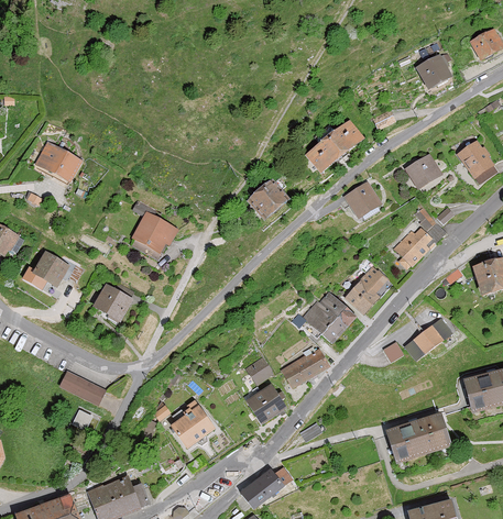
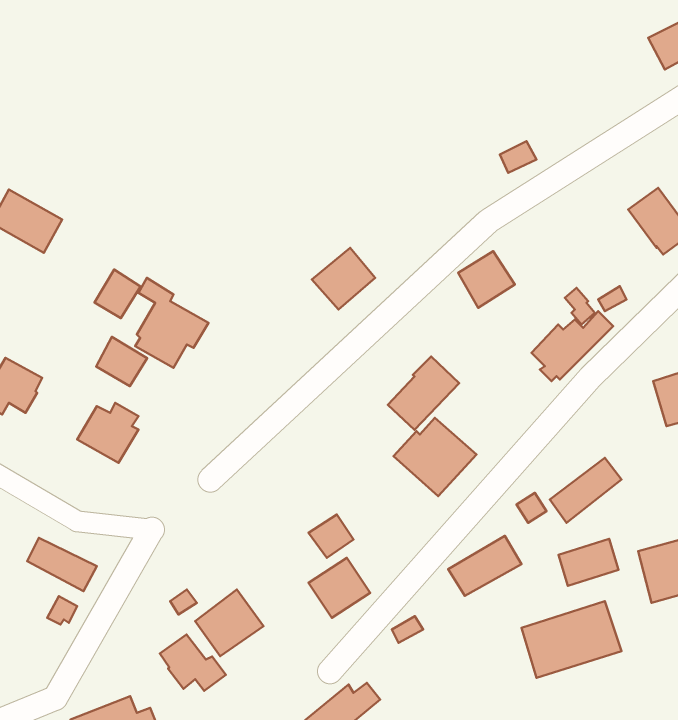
building: [415,55,451,90] -> none
building: [305,119,363,173] -> none
building: [405,154,441,189] -> none
building: none -> [94,269,140,318]
building: none -> [96,337,147,386]
building: [343,265,391,313] -> [388,357,459,430]
building: [280,347,328,387] -> [448,536,521,596]
building: none -> [558,539,618,586]
building: none -> [160,634,226,691]

